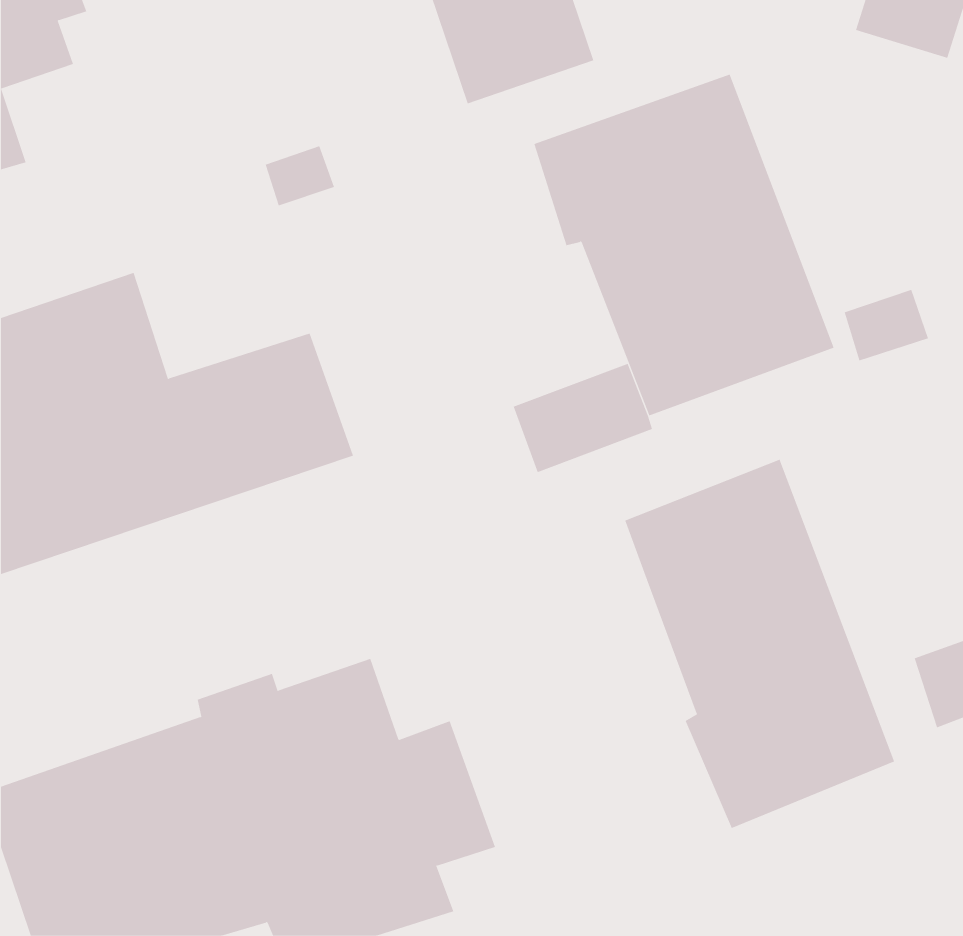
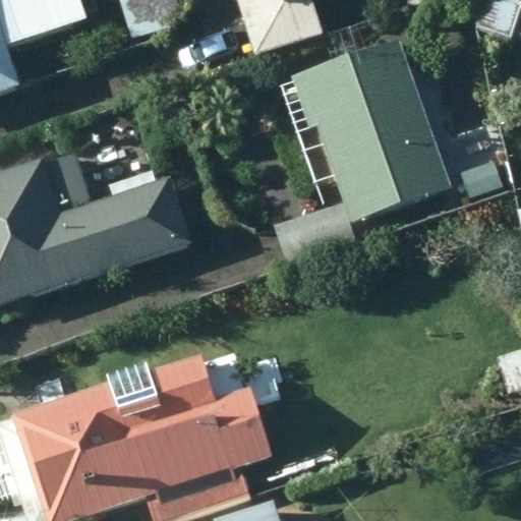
building: [625,459,895,829] -> none

